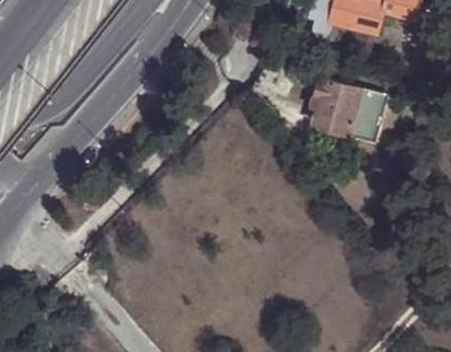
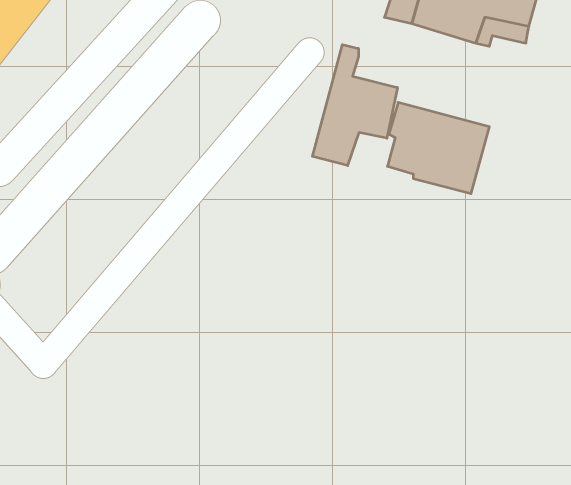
building: none -> [312,45,397,166]

